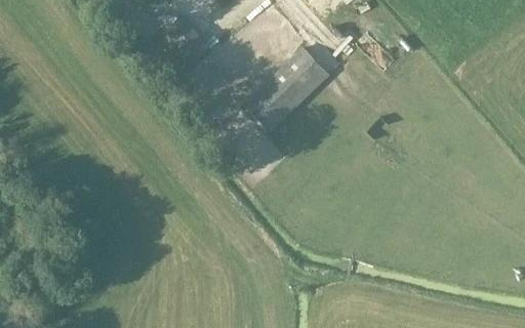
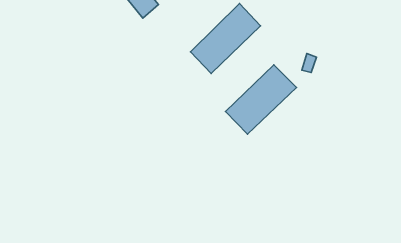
building: none -> [226,65,297,134]

